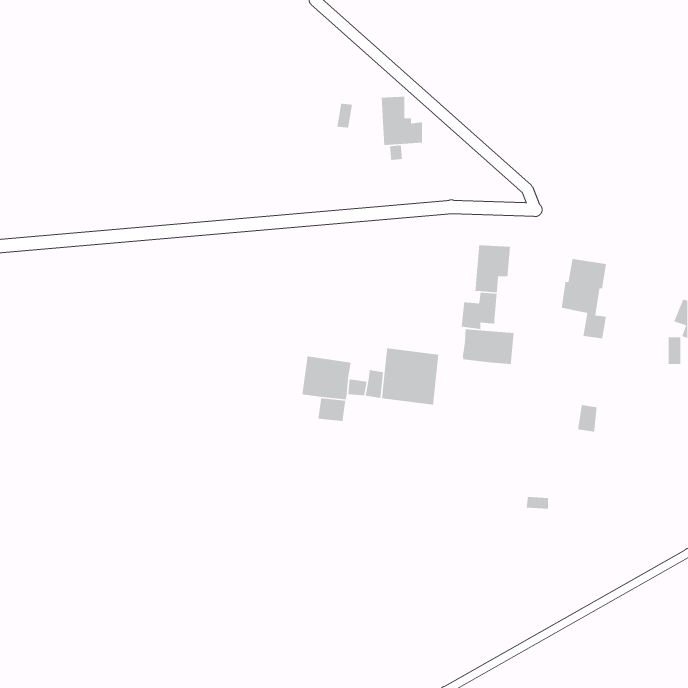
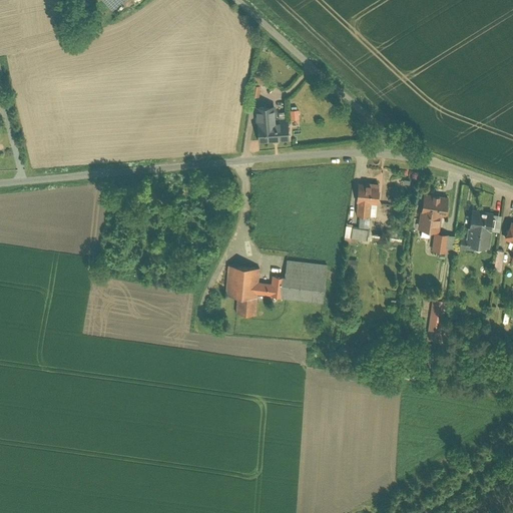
building: [381,96,423,146] -> [256,105,288,142]
building: none -> [466,213,497,252]
building: [462,329,514,365] -> none

